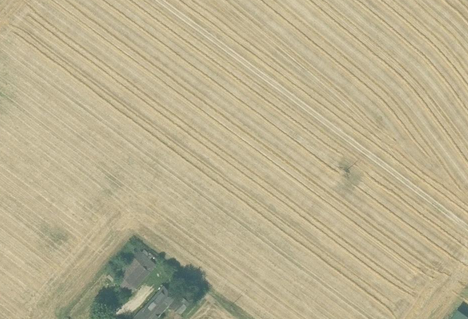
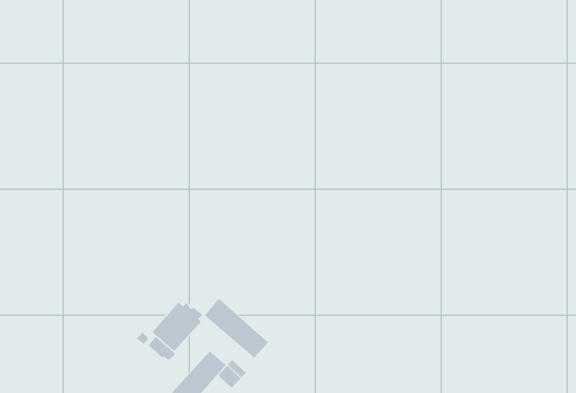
building: none -> [204,298,269,359]

